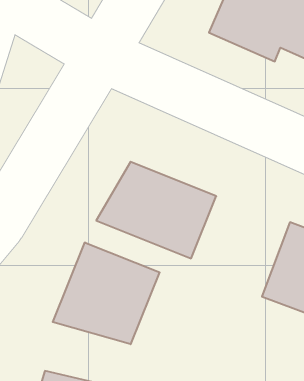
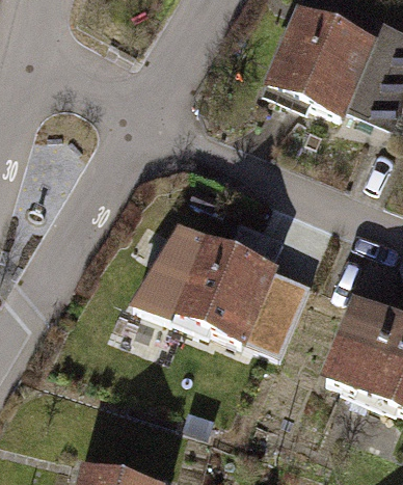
building: [53,242,160,344] -> none

